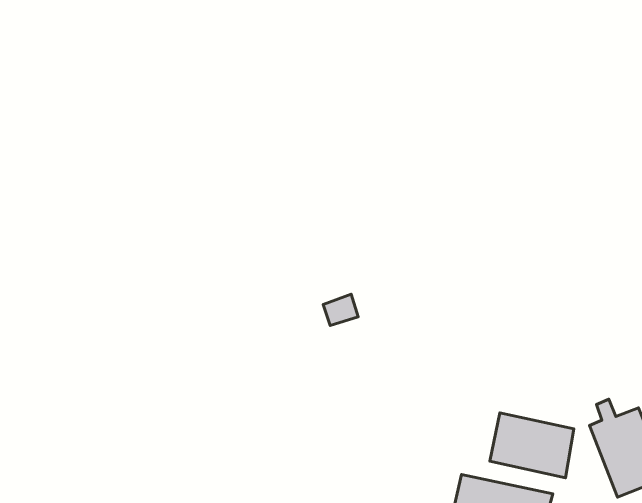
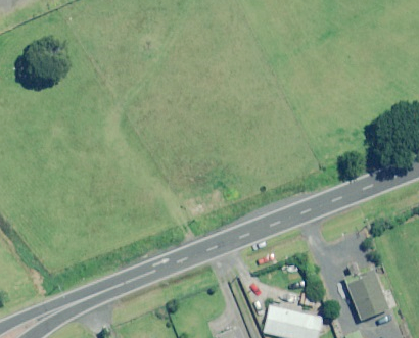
building: [490,413,574,478] -> none

